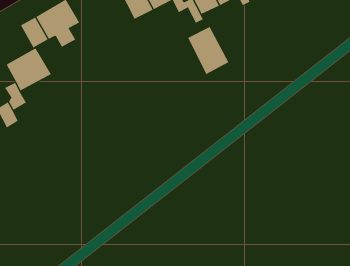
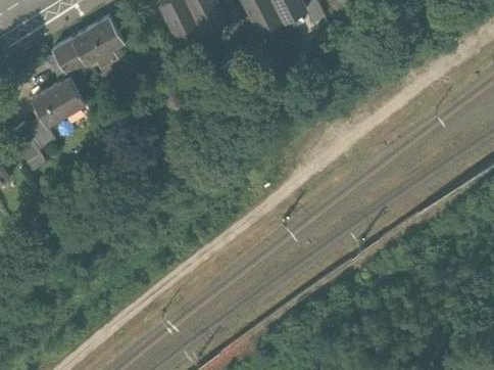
building: [187,26,229,75] -> none

